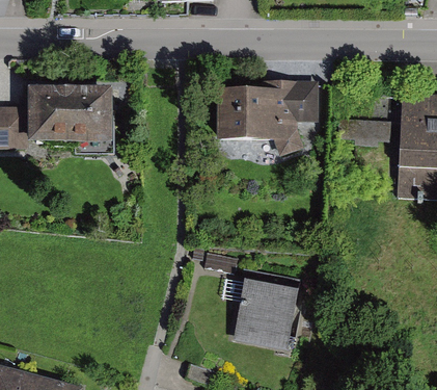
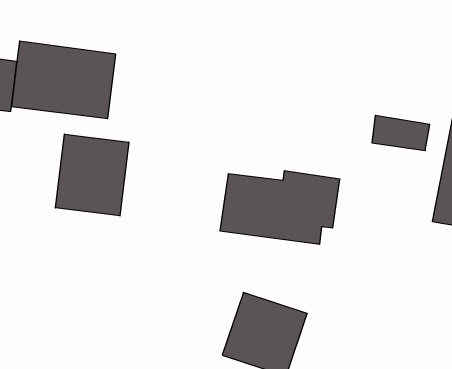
building: [225,80,323,139] -> [220,171,340,244]
building: none -> [55,134,129,216]

